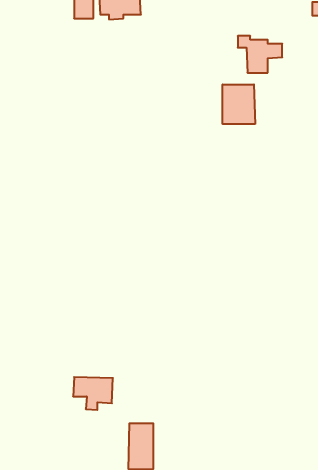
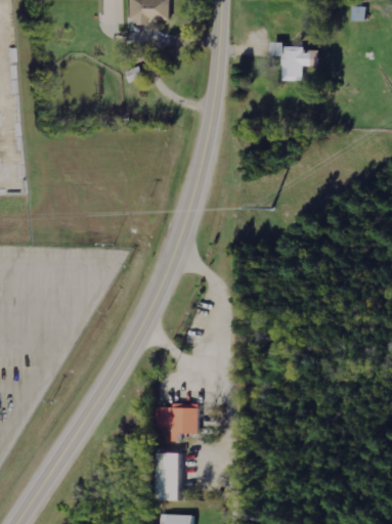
building: [223,84,255,124] -> none
building: [73,377,113,410] -> [157,405,199,440]

